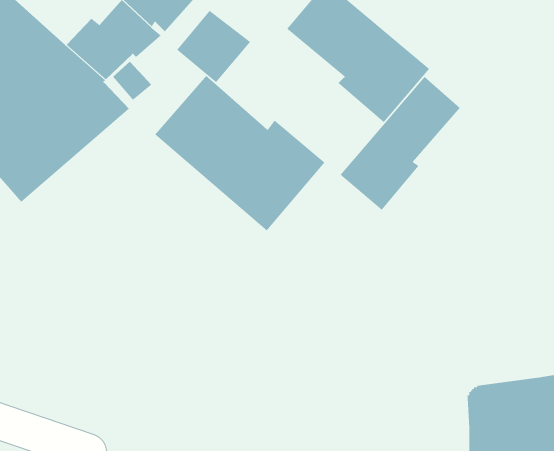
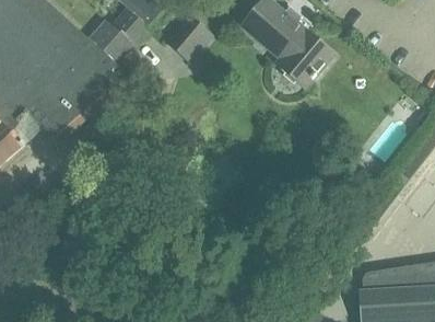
building: [154,75,326,231] -> none
building: [339,76,461,211] -> none

